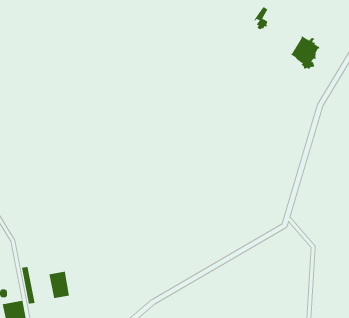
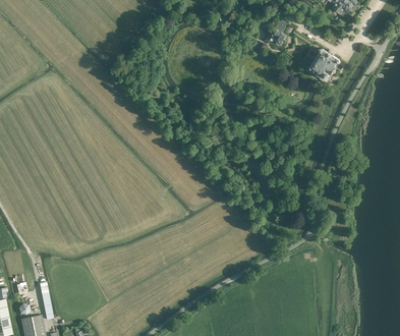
building: [49,271,70,299] -> none

